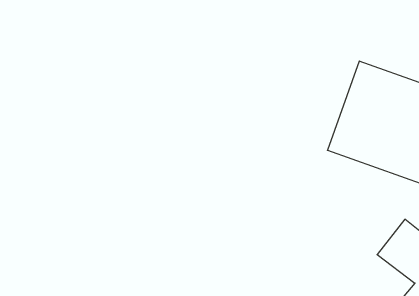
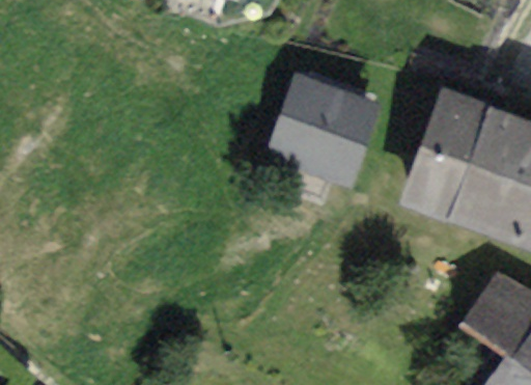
building: none -> [276,77,373,180]

